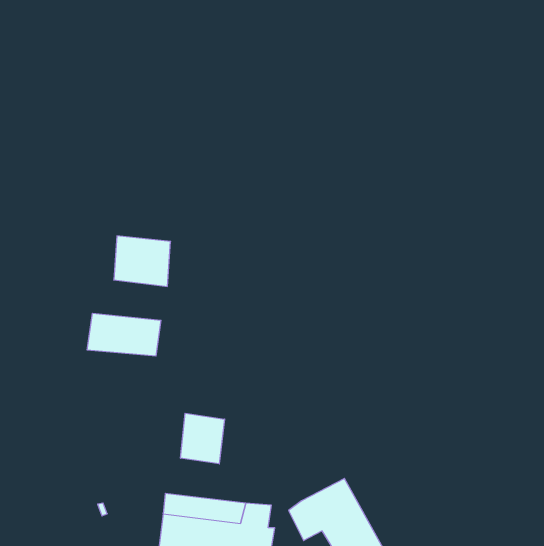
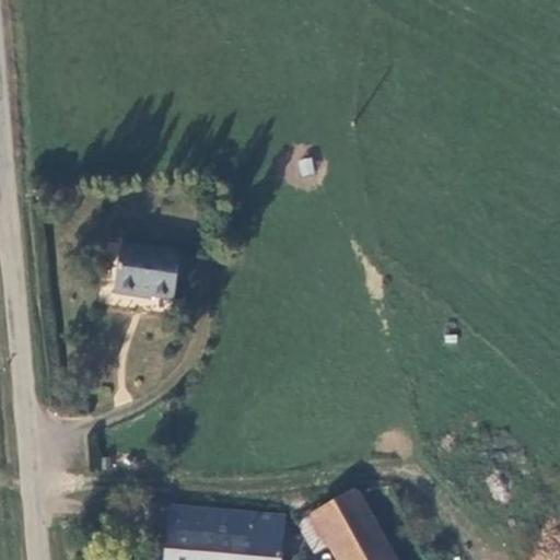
building: [87,313,161,356] -> none
building: [181,413,225,464] -> none

